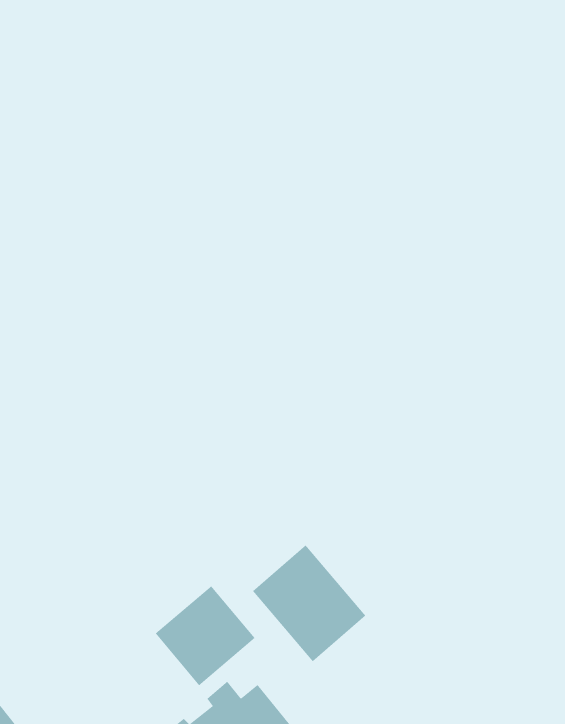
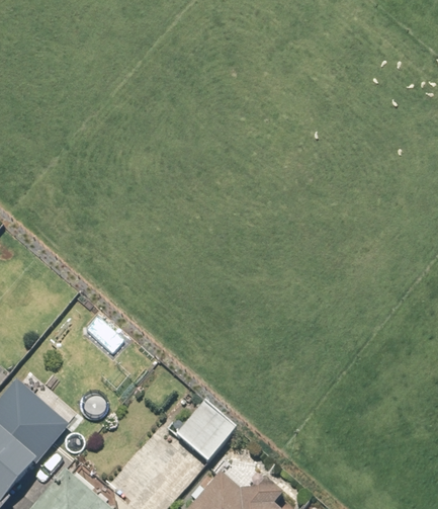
building: [252,544,366,662] -> none

